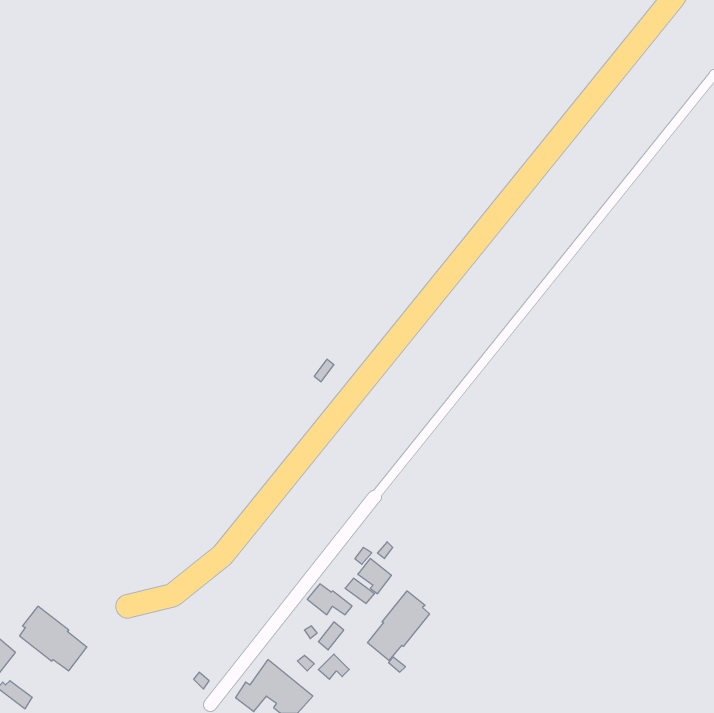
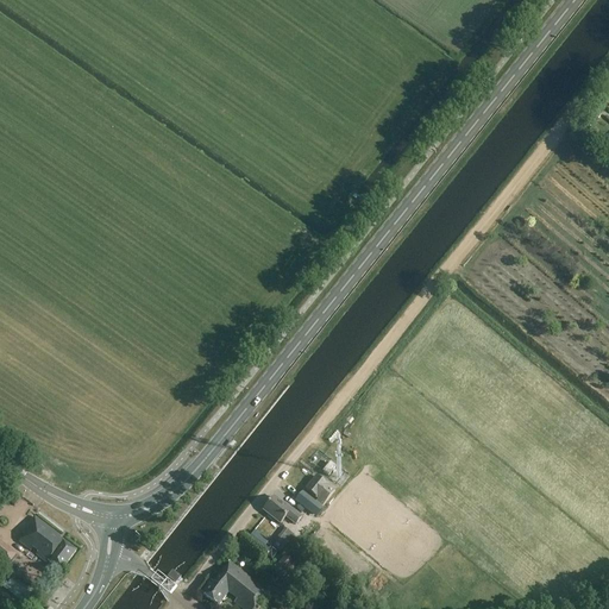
building: [368,591,429,660] -> none

